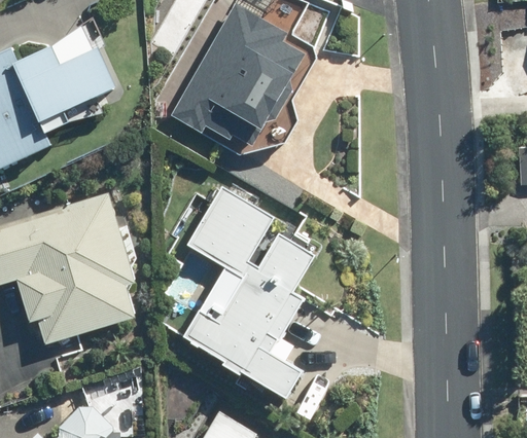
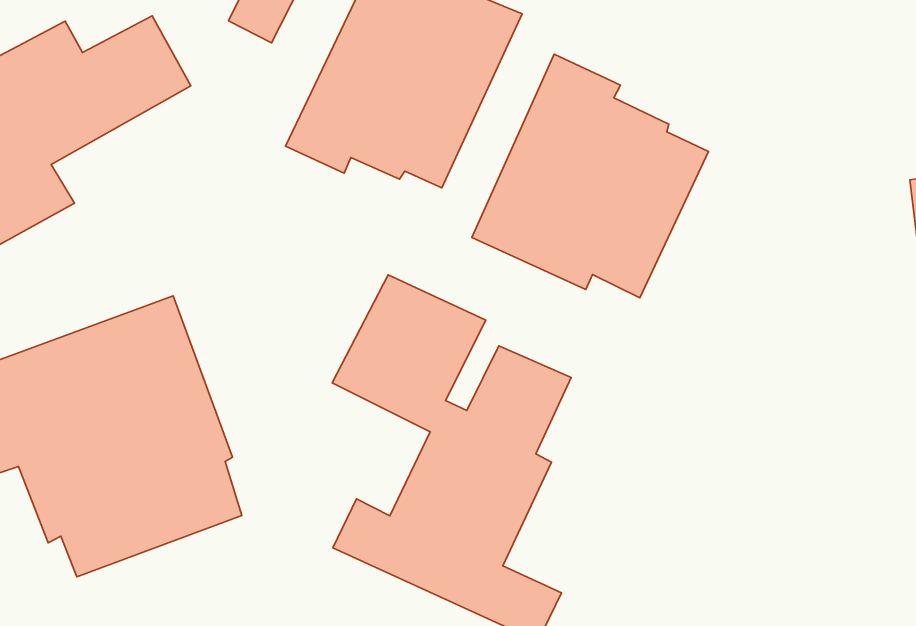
building: none -> [472,54,709,298]

